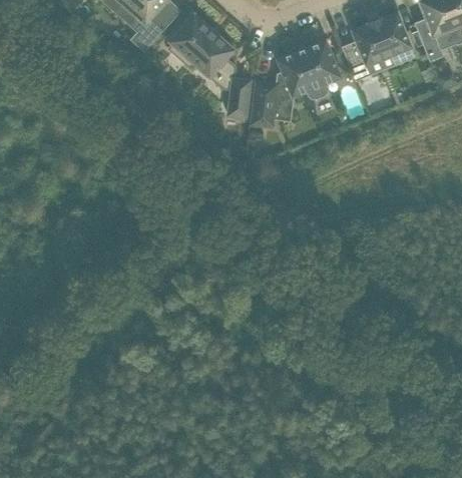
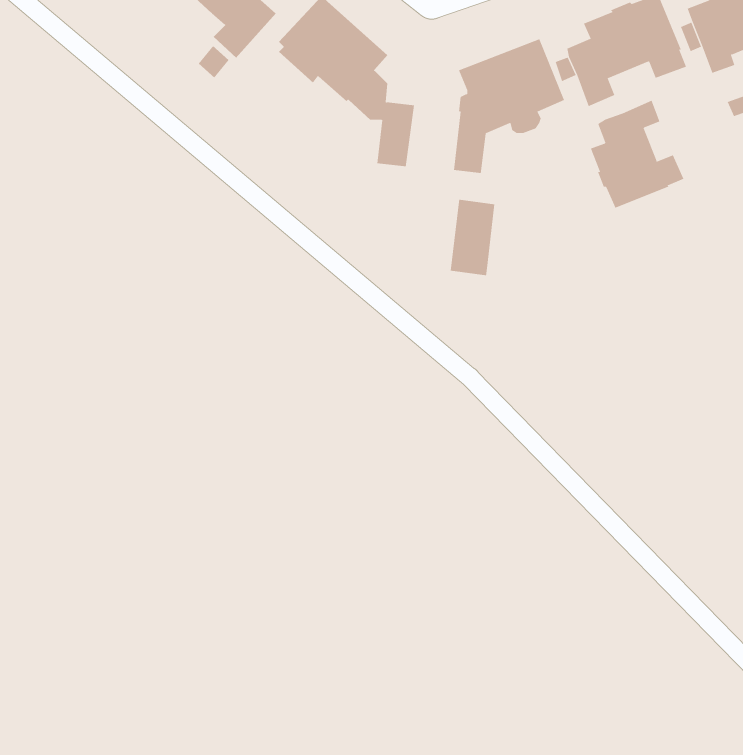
building: none -> [590,100,684,209]
building: [252,80,279,126] -> [450,199,495,276]

